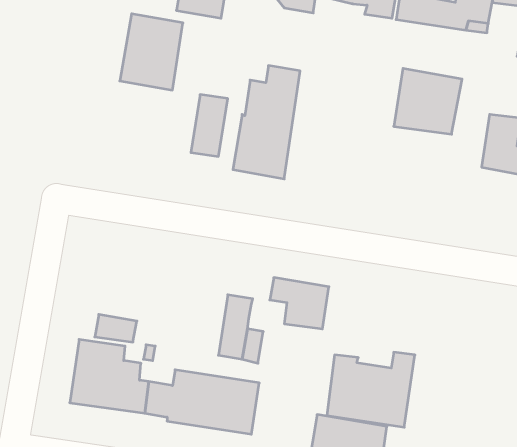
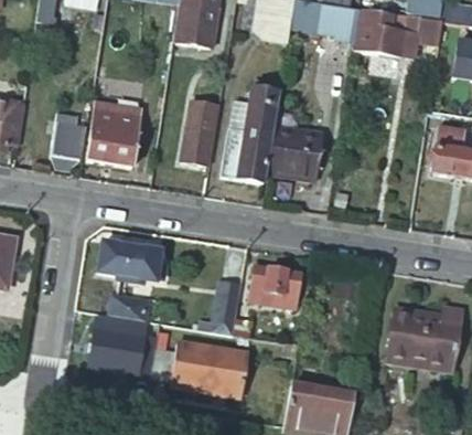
building: [120,14,183,90] -> [92,103,144,167]
building: [394,68,462,134] -> [269,126,326,181]
building: none -> [51,118,86,156]
building: none -> [94,243,161,284]
building: [327,352,415,427] -> [382,307,455,370]

